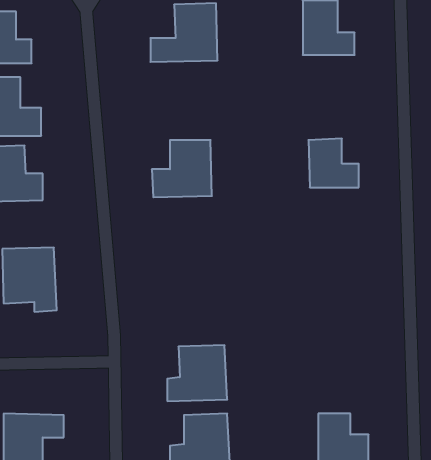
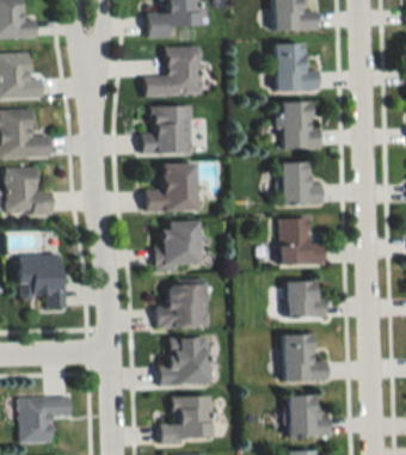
building: none -> [279,100,321,148]
building: none -> [142,105,192,154]
building: none -> [278,217,325,265]
building: none -> [155,221,201,269]
building: none -> [287,282,324,319]
building: none -> [156,284,209,328]
building: none -> [284,334,327,382]

